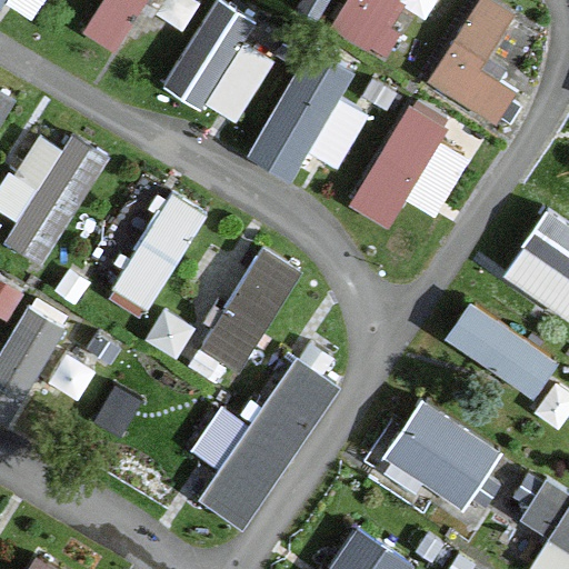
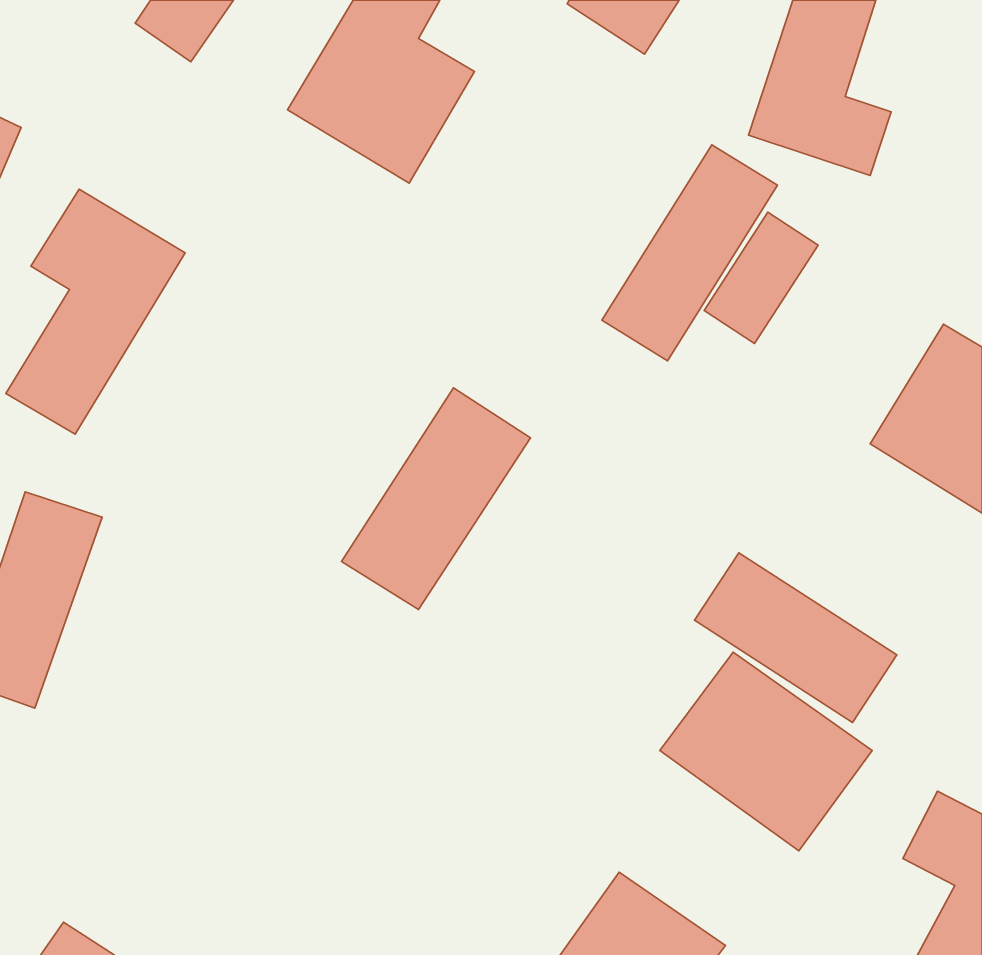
building: [246,42,355,173] -> none
building: [101,193,212,322] -> none
building: [445,298,561,396] -> [694,553,897,723]
building: [200,346,339,530] -> none

